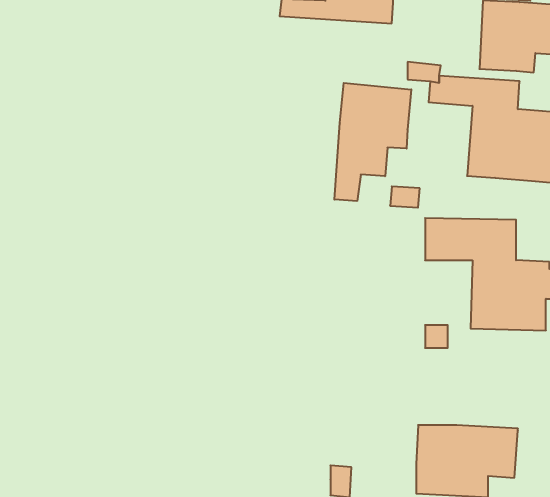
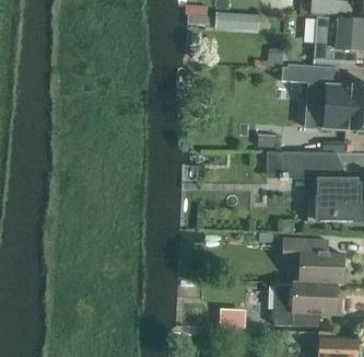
building: [334,83,411,201] -> none
building: none -> [283,238,344,285]

